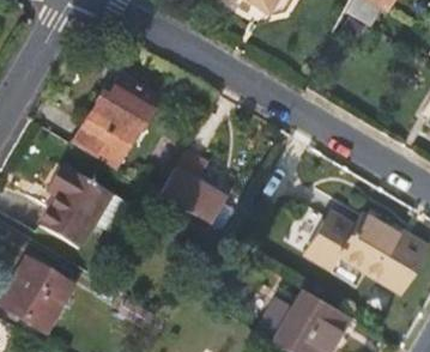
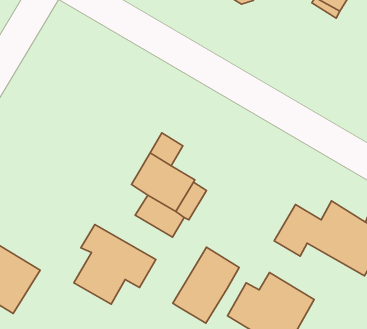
building: [72,78,156,165] -> none
building: [38,169,122,250] -> [74,224,156,304]
building: none -> [173,247,239,323]

